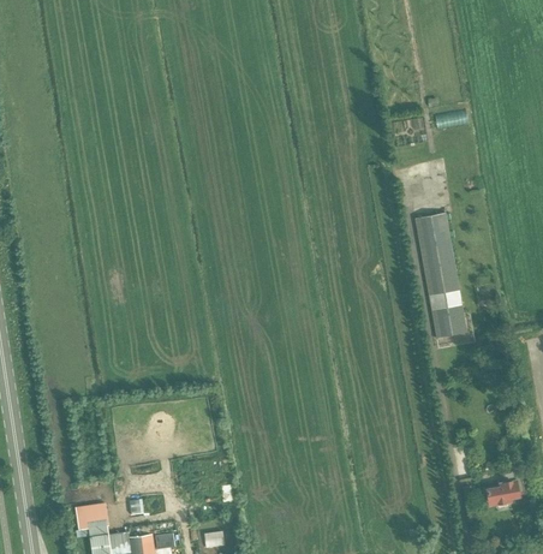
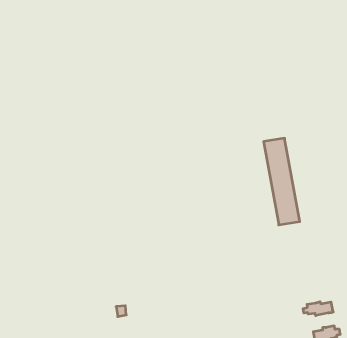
building: none -> [303,302,333,316]

